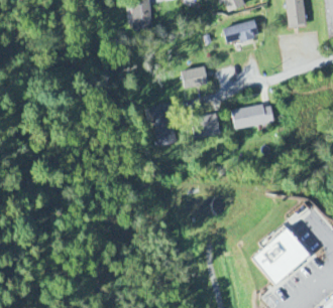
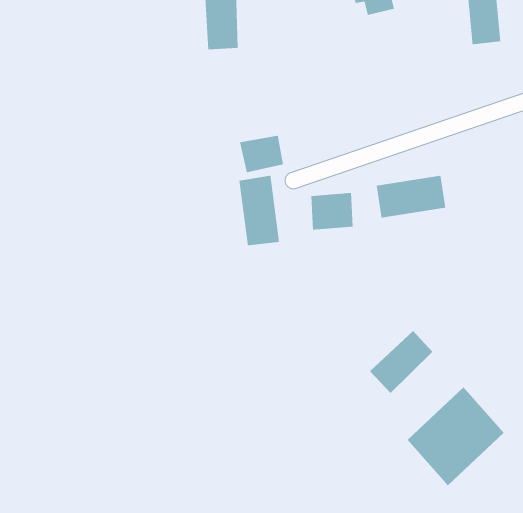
building: [222,19,258,44] -> none
building: [181,66,207,89] -> [239,135,284,173]
building: none -> [369,330,433,394]

